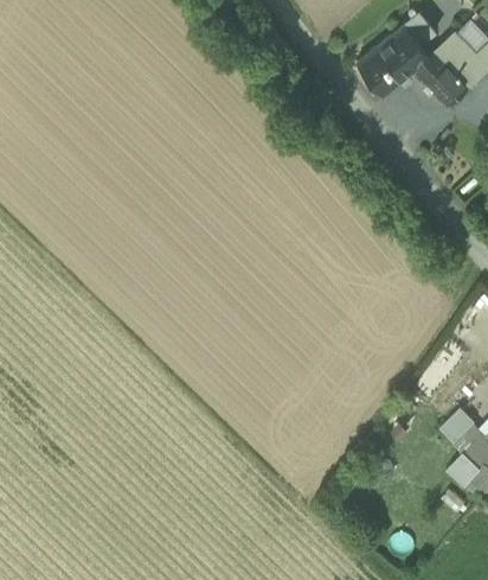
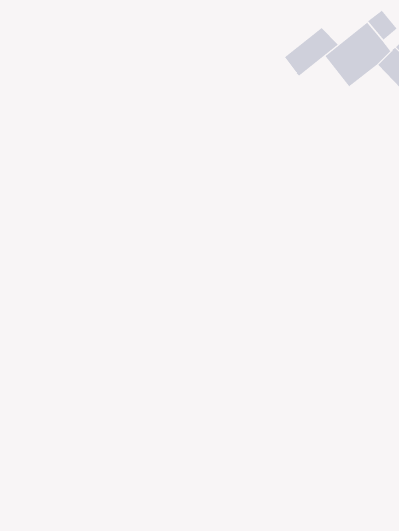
building: none -> [284,27,339,76]

